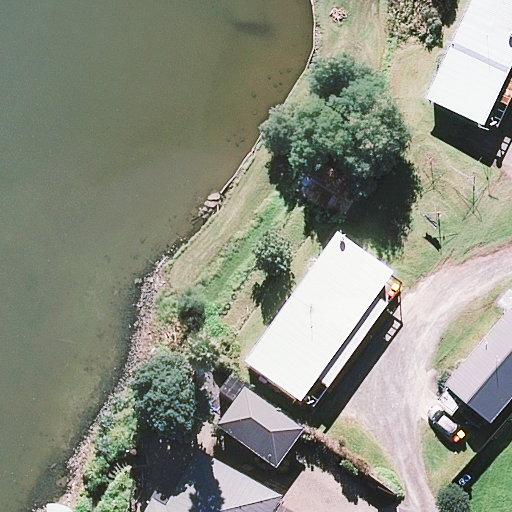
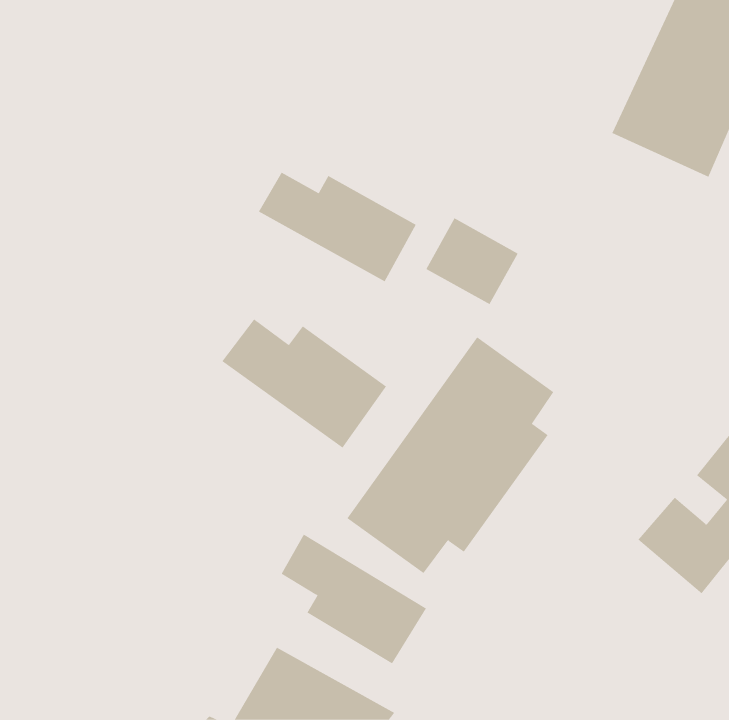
building: none -> [258,172,416,282]
building: none -> [222,319,387,449]

